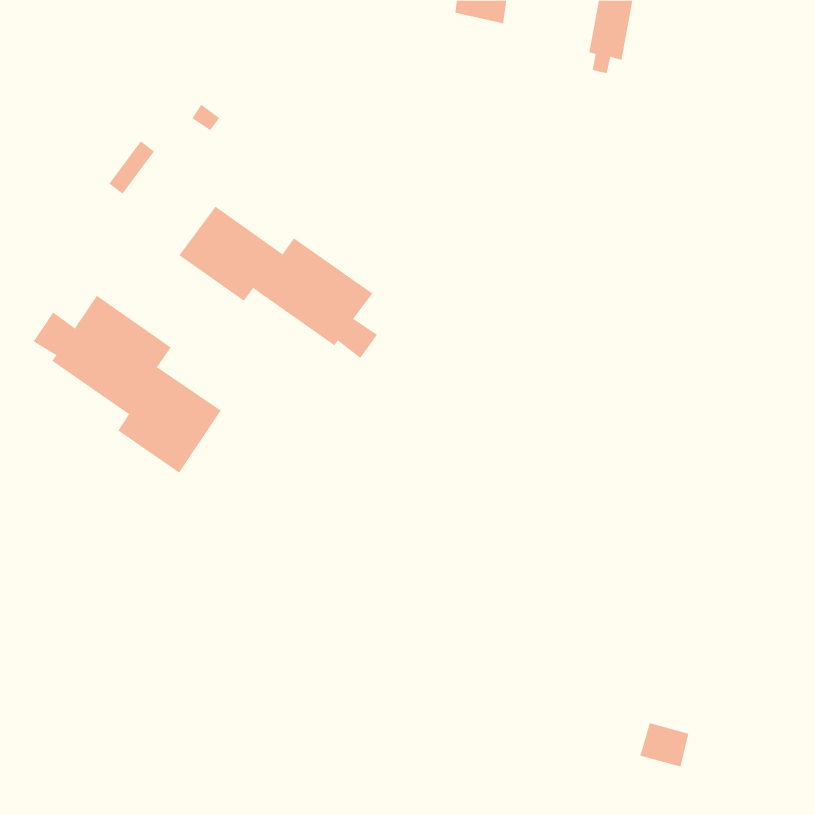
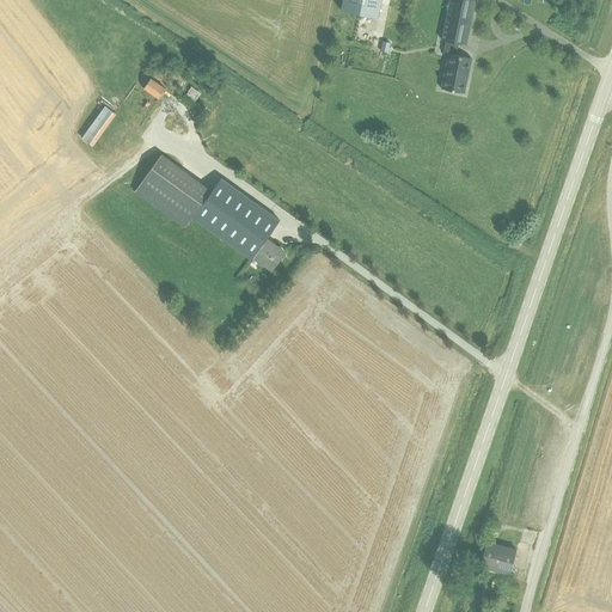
building: none -> [441,54,471,93]
building: [33,295,222,474] -> none

